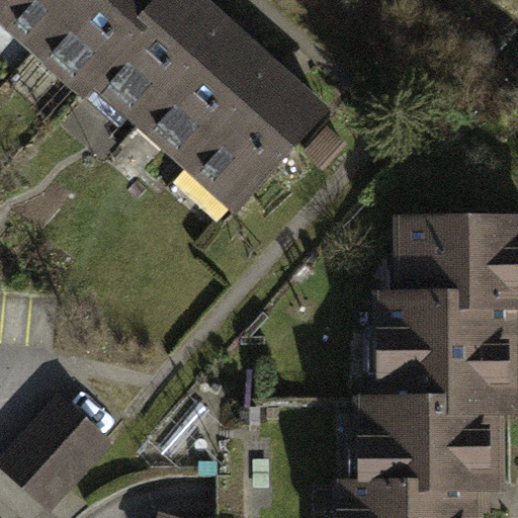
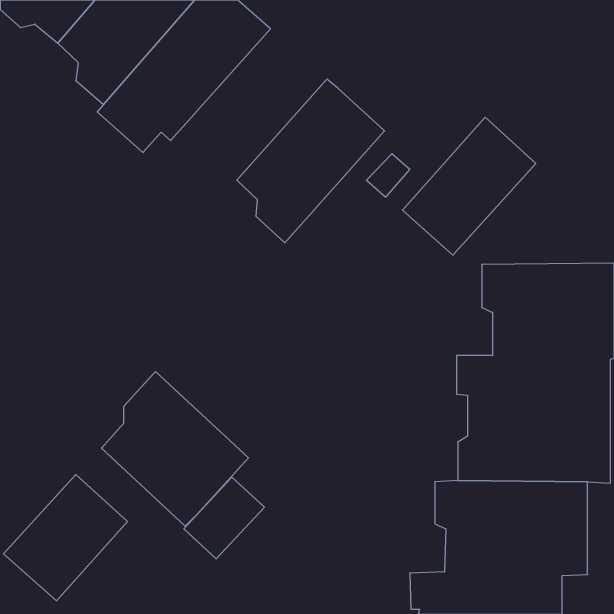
building: [152,24,275,161] -> none
building: none -> [402,117,536,255]
building: none -> [101,372,248,526]

